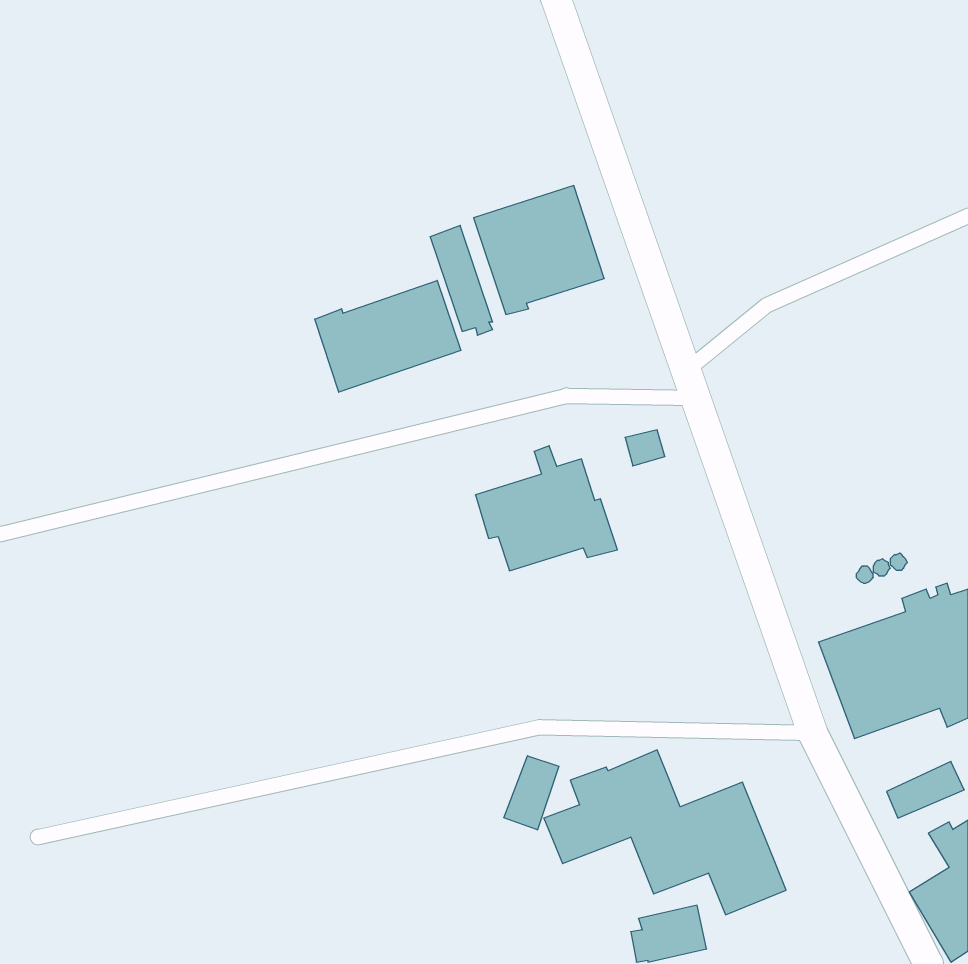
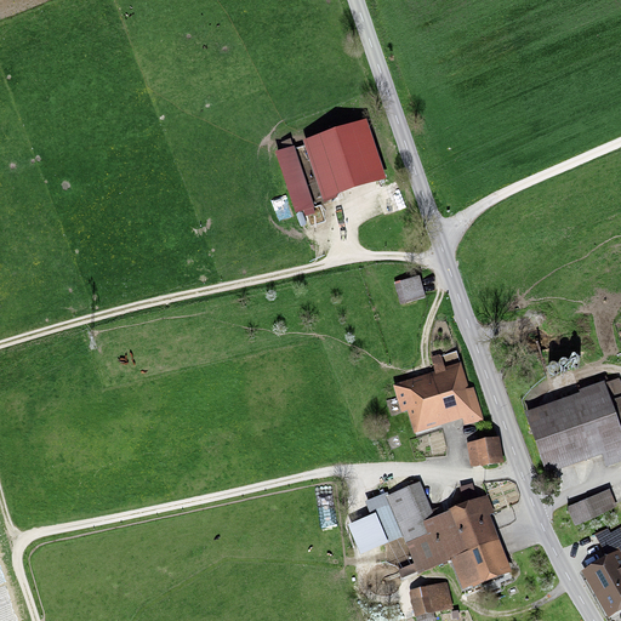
building: [315,280,461,392] -> none
building: [475,446,617,571] -> [393,352,484,432]
building: none -> [467,435,503,466]
building: [504,756,559,830] -> none

